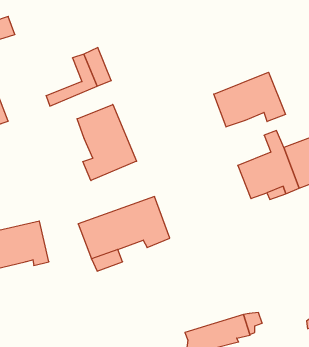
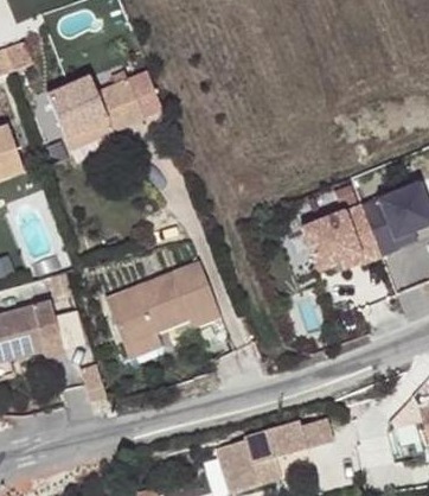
building: none -> [44,75,108,139]
building: [214,72,285,127] -> none
building: [77,104,137,181] -> none

